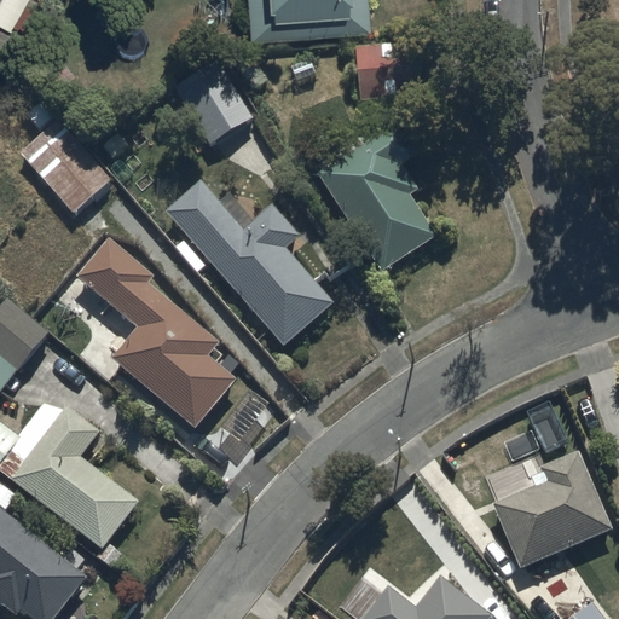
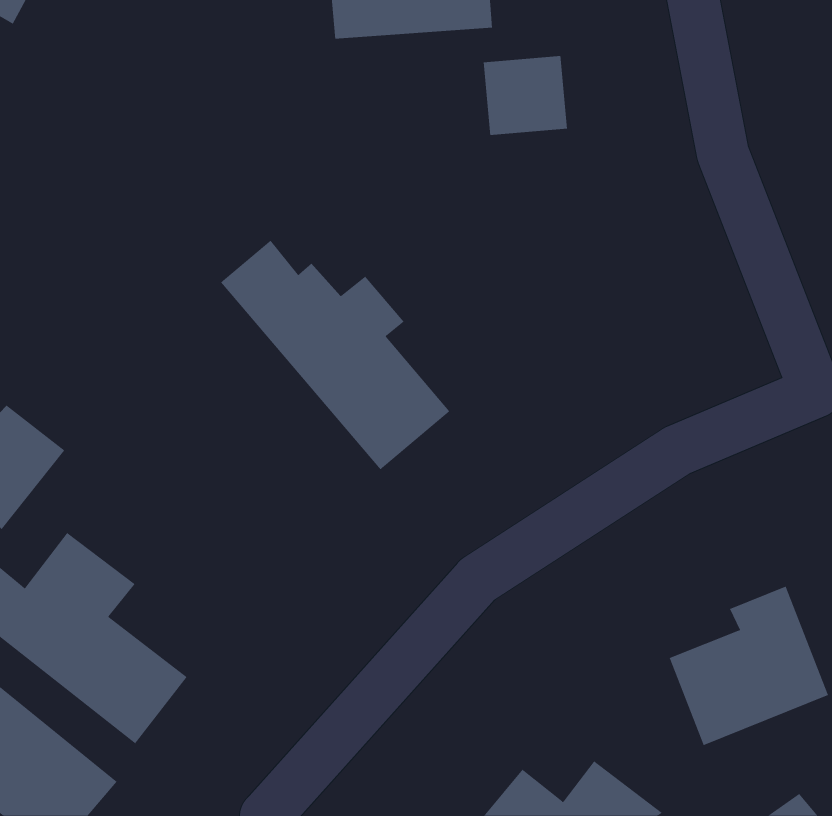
building: [173,59,251,145] -> none
building: [19,117,111,213] -> none
building: [316,121,434,271] -> none
building: [79,241,236,428] -> none

